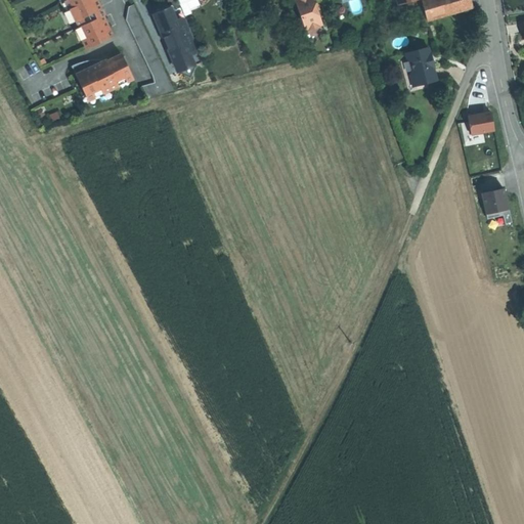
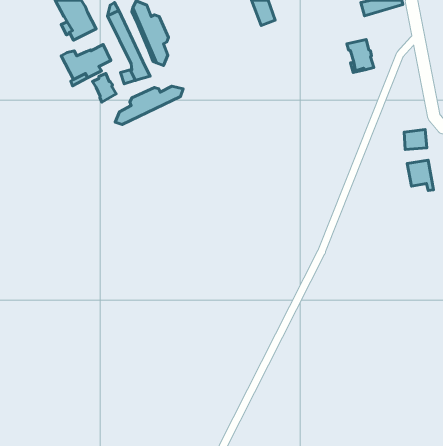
building: none -> [93,73,116,102]
building: none -> [115,86,183,124]
building: [464,112,490,135] -> [404,129,427,150]

